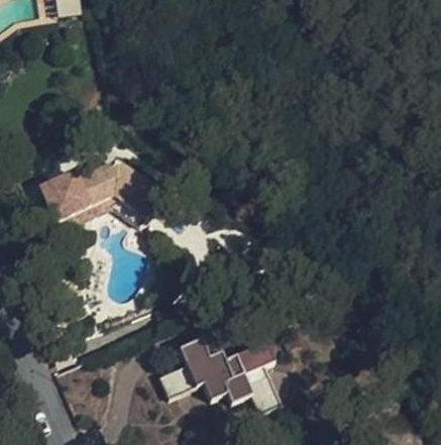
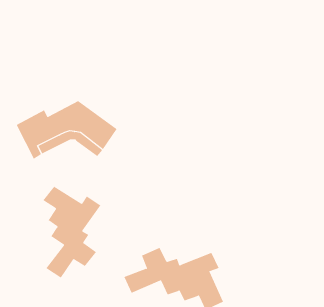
building: none -> [42,186,101,278]

